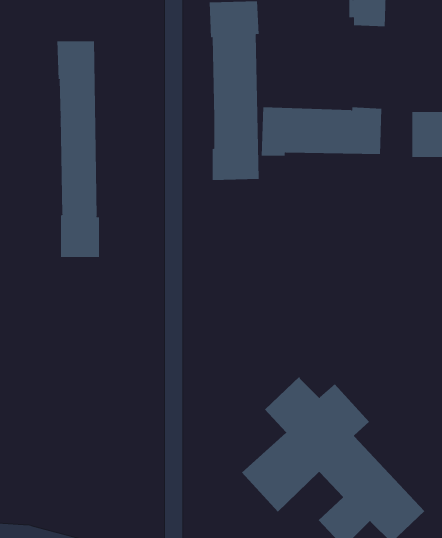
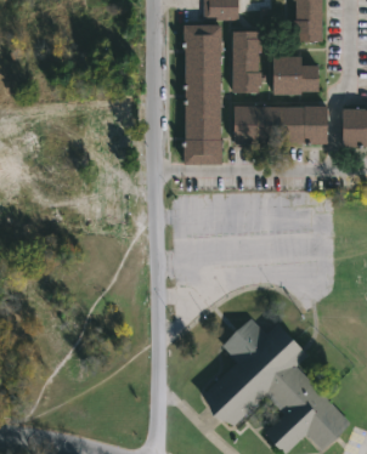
building: none -> [231,32,261,97]
building: [57,40,99,258] -> none
building: none -> [272,57,318,96]

